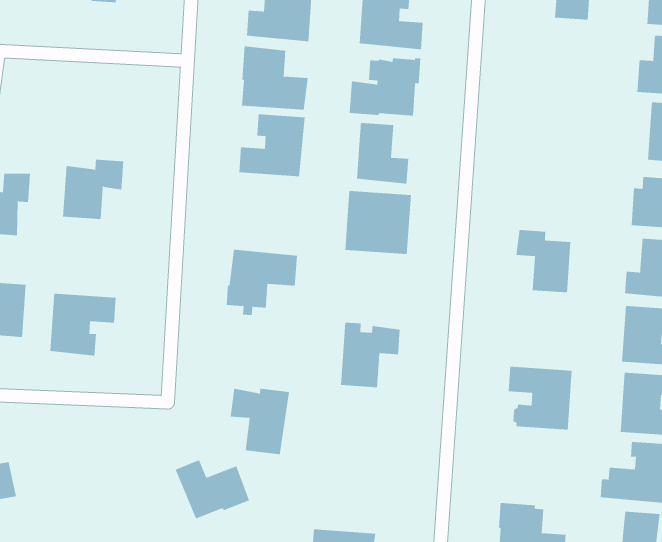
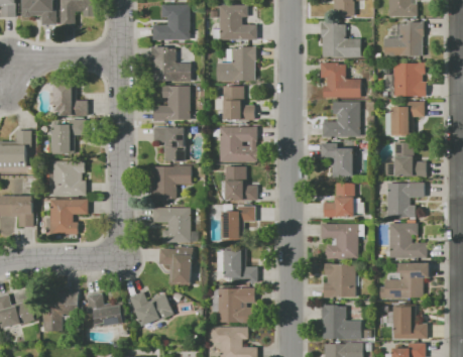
building: none -> [321,21,360,56]
building: none -> [321,62,360,97]
building: none -> [53,83,87,116]
building: none -> [322,101,360,136]
building: none -> [152,126,186,160]
building: none -> [52,160,86,195]
building: none -> [225,165,256,200]
building: none -> [323,183,354,216]
building: none -> [152,207,191,244]
building: none -> [217,249,257,282]
building: none -> [324,263,355,296]
building: none -> [43,290,76,331]
building: none -> [87,292,123,326]
building: none -> [218,286,255,323]

